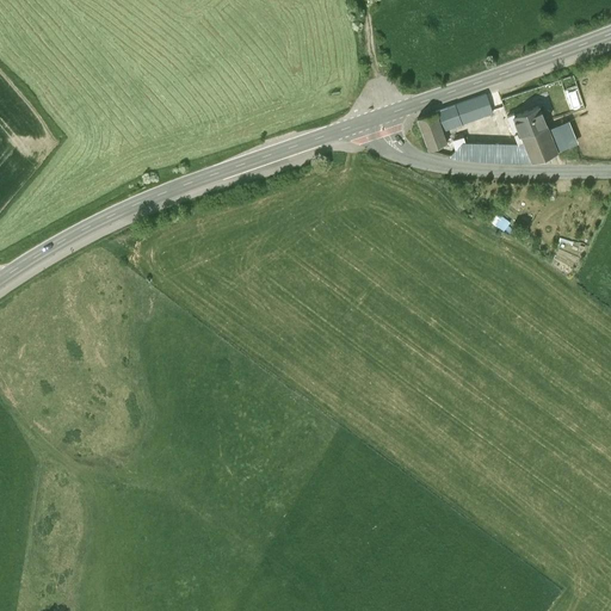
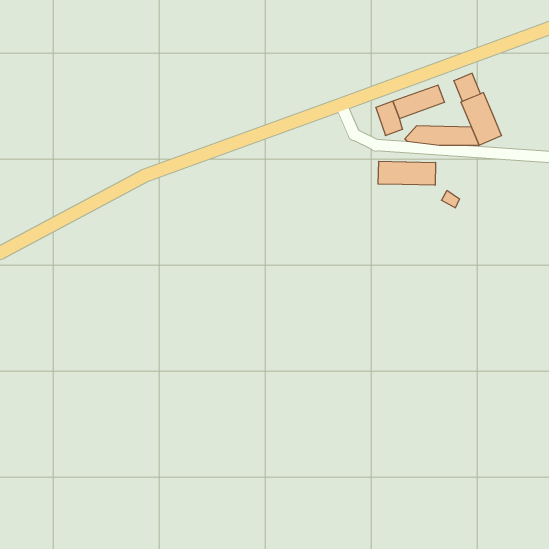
building: [548,121,578,152] -> [454,73,481,101]
building: none -> [378,161,436,185]

